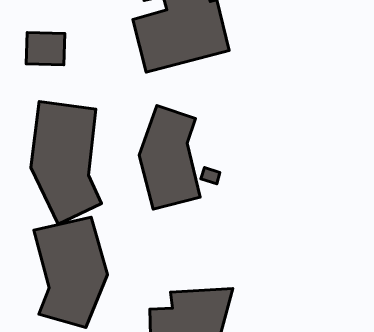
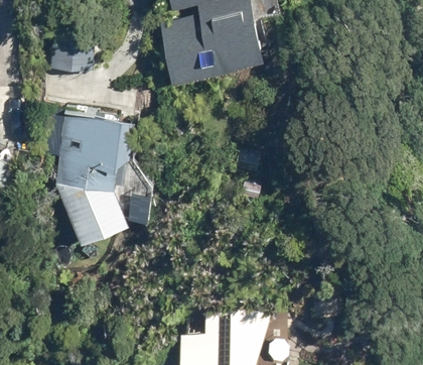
building: [139,106,200,209] -> none
building: [34,217,108,328] -> none

